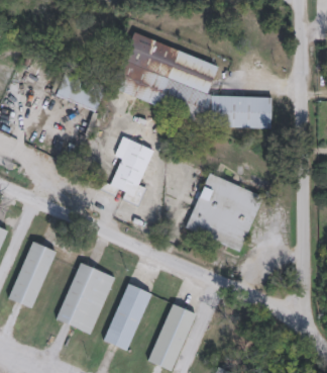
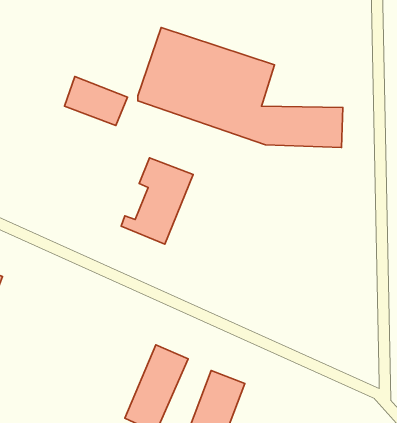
building: [185,173,263,251] -> none
building: [8,240,55,308] -> none
building: [57,261,114,333] -> none

